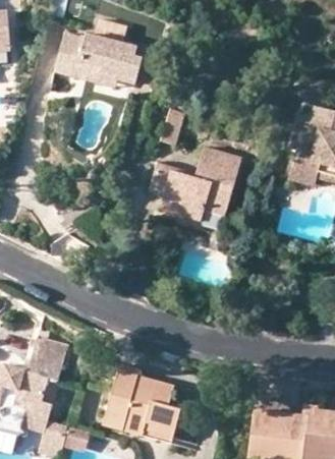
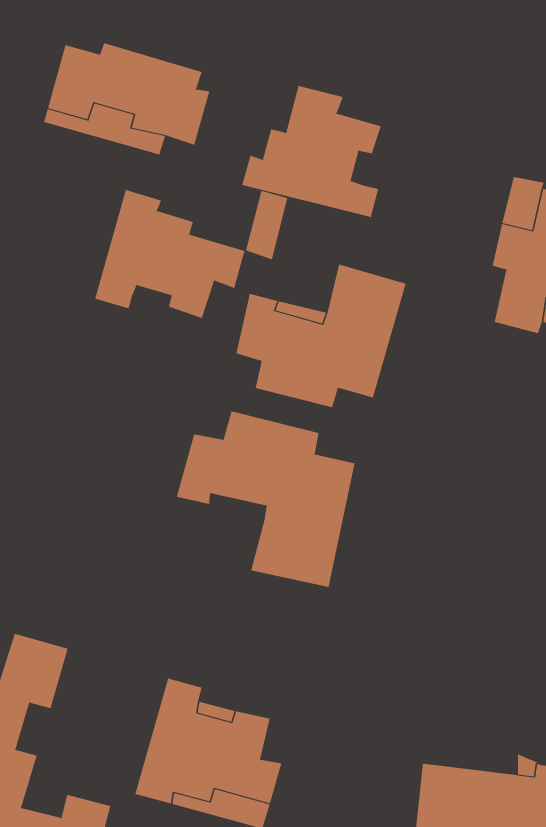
building: none -> [242,85,381,218]
building: none -> [94,189,245,319]
building: none -> [176,411,355,588]

